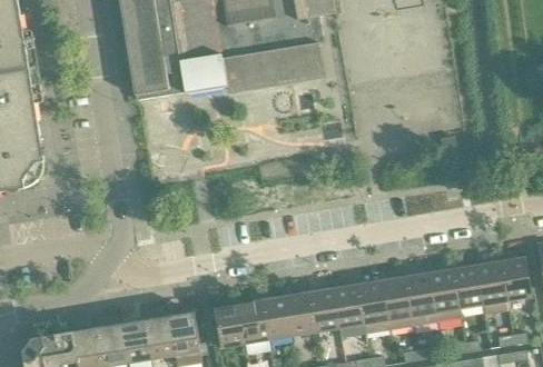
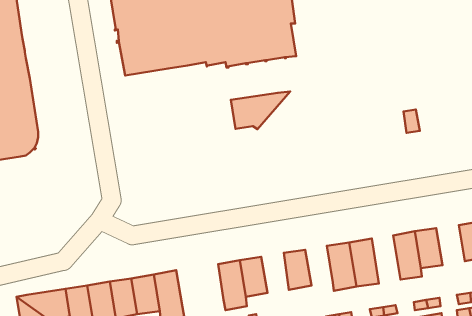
building: none -> [231,91,290,129]
building: [475,261,507,313] -> none
building: [405,272,436,325] -> none
building: [333,284,363,327] -> none
building: [285,291,315,335] -> none
building: [213,304,244,347] -> none

